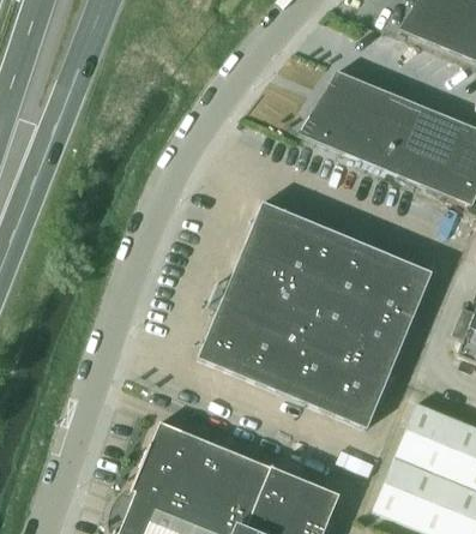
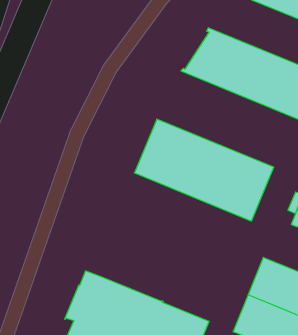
building: [198,281,399,428] -> none

